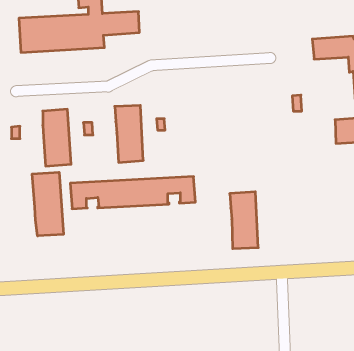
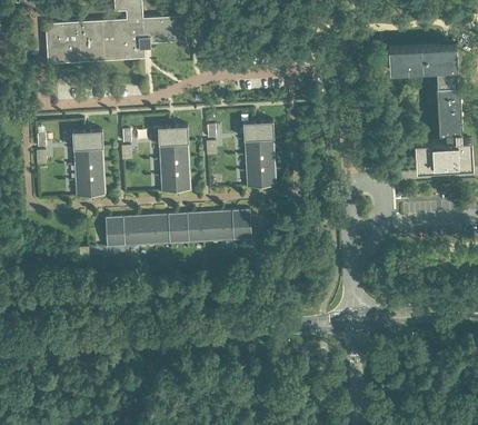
building: [32,172,63,236] -> none
building: [230,192,258,249] -> [242,120,276,187]

